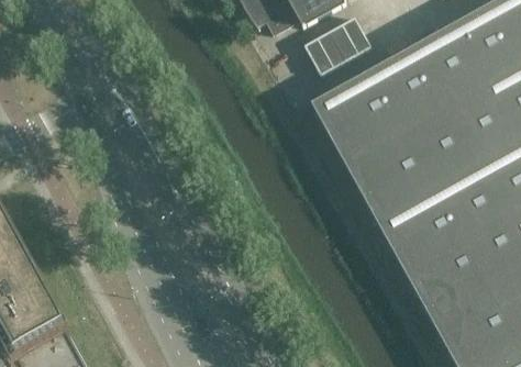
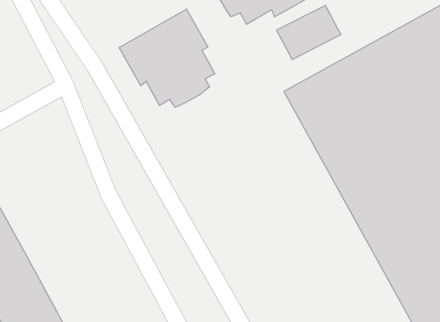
building: none -> [119,9,215,107]

